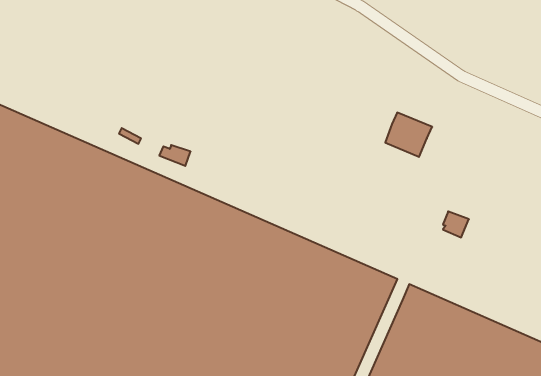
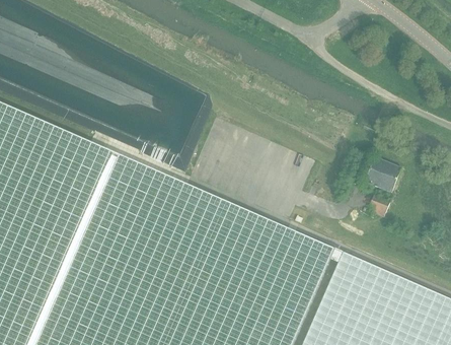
building: [385,113,432,157] -> [366,159,402,194]

